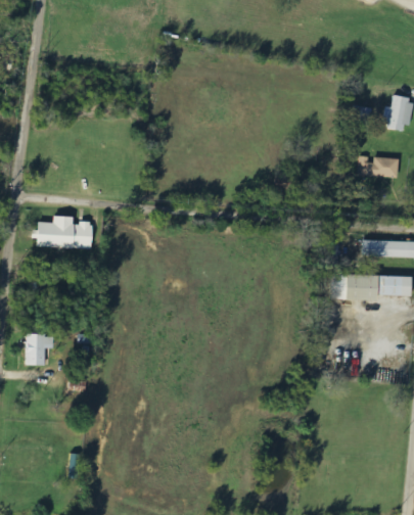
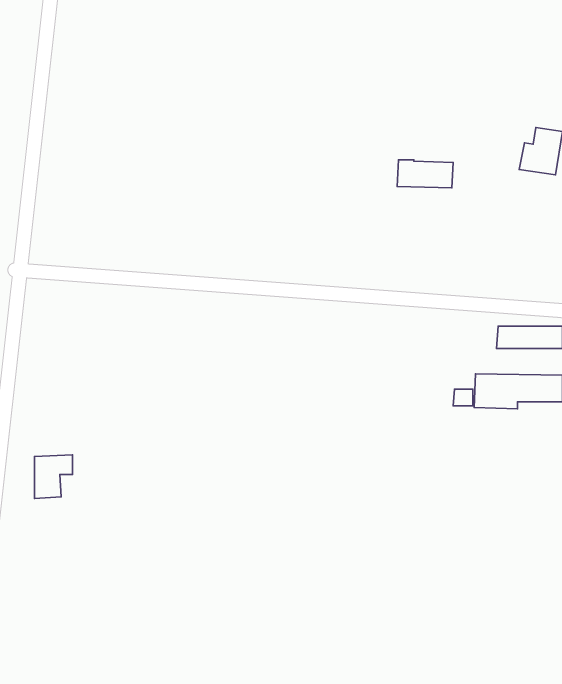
building: [358,156,399,177] -> [397,160,453,188]
building: [36,216,91,248] -> none

